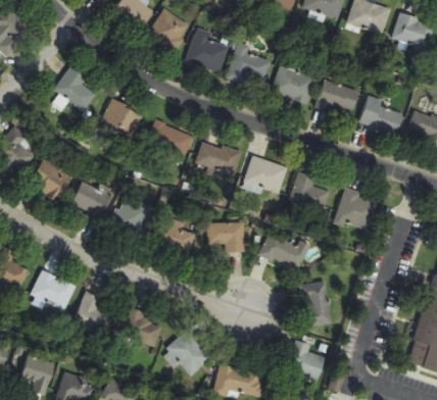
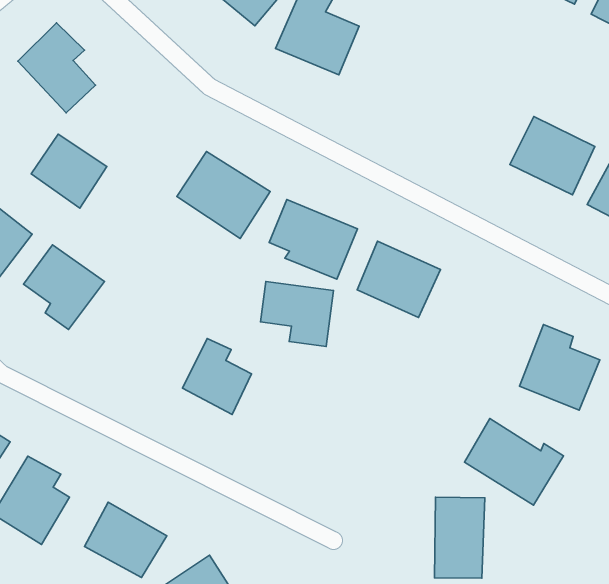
building: [227,43,271,89] -> none
building: [271,65,315,106] -> none
building: [101,99,140,136] -> [31,134,107,208]
building: [290,171,329,210] -> none
building: [112,196,152,238] -> none
building: [208,222,244,252] -> [260,281,334,347]
building: [258,232,309,273] -> [464,419,564,505]

